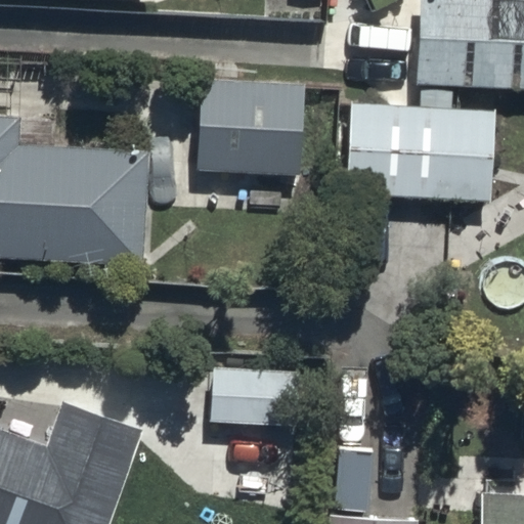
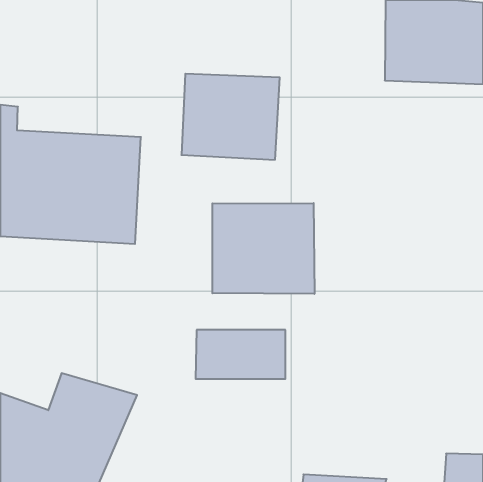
building: [345,103,494,201] -> none
building: none -> [212,203,314,294]

